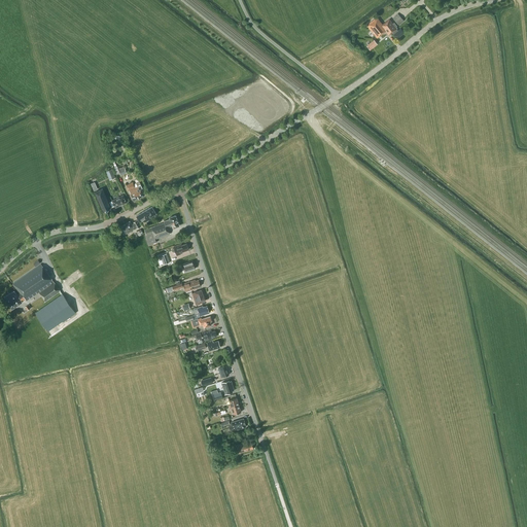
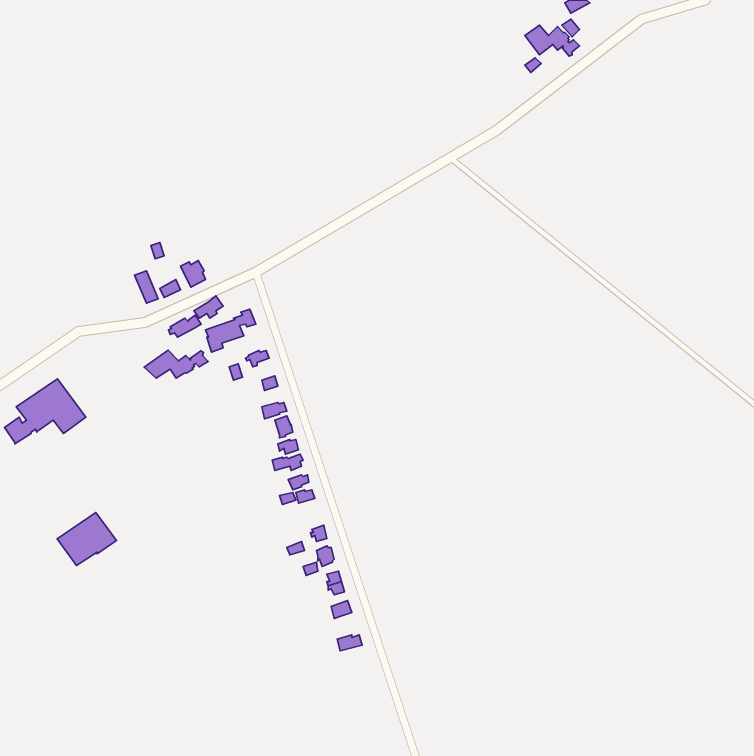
building: none -> [144,350,208,378]
building: [34,293,75,330] -> [57,512,116,566]

